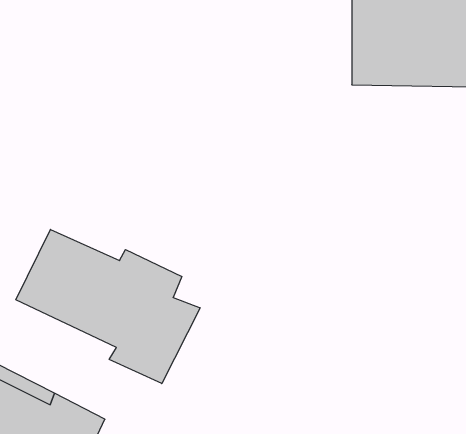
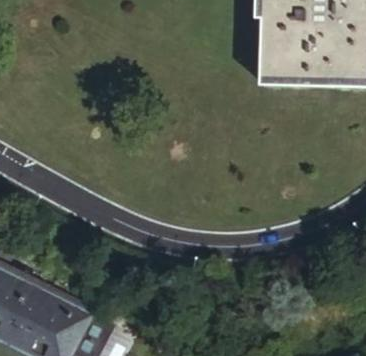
building: [16,229,200,384] -> none

